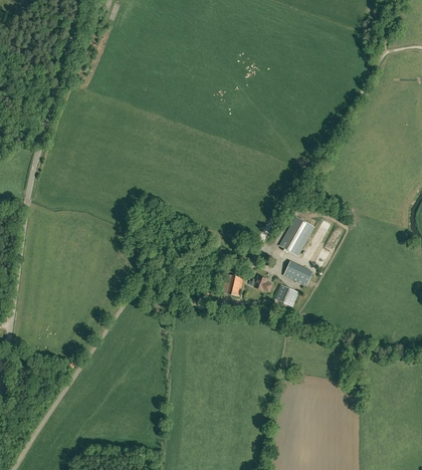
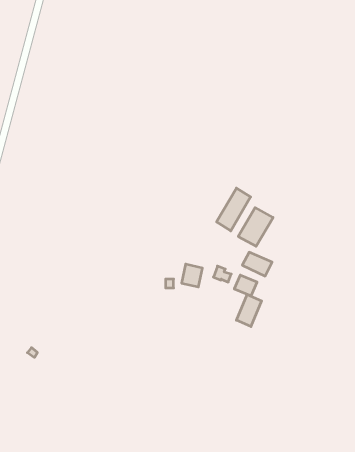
building: none -> [217,188,251,231]
building: none -> [236,294,262,327]

